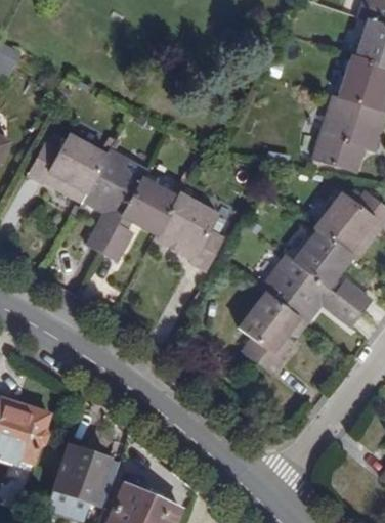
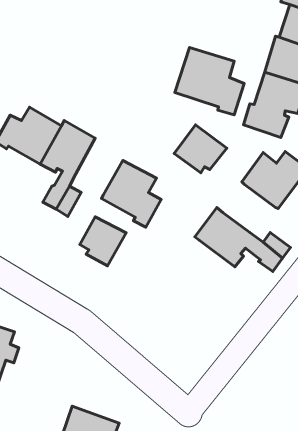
building: none -> [175,48,244,115]
building: [123,181,176,237] -> [80,217,126,266]
building: [293,225,353,280] -> [174,125,227,173]
building: [239,290,306,372] -> none
building: [48,427,112,505] -> none

